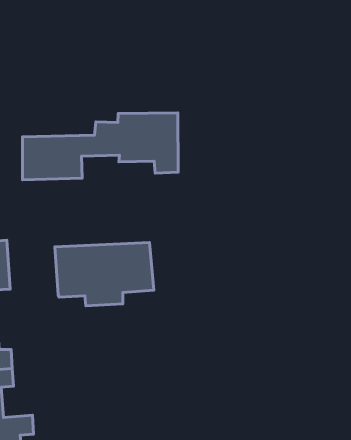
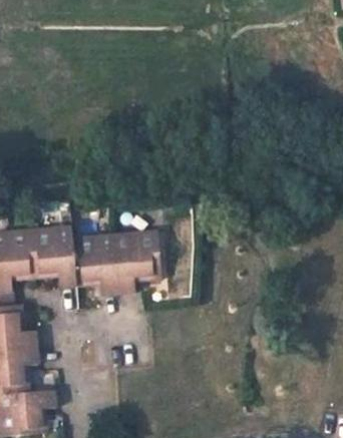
building: [23,113,178,180] -> none
building: none -> [30,229,76,282]

